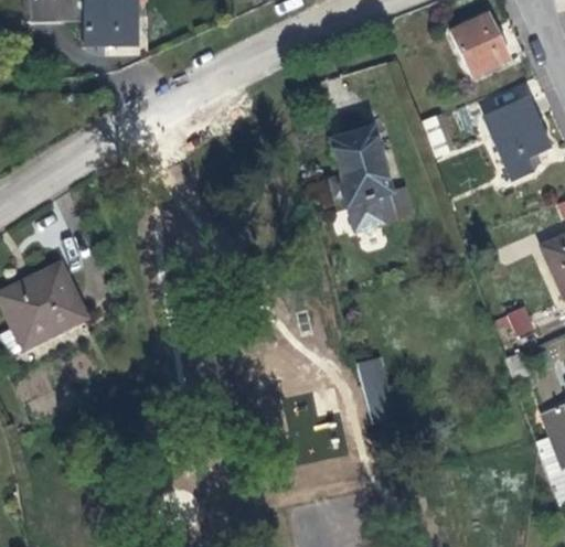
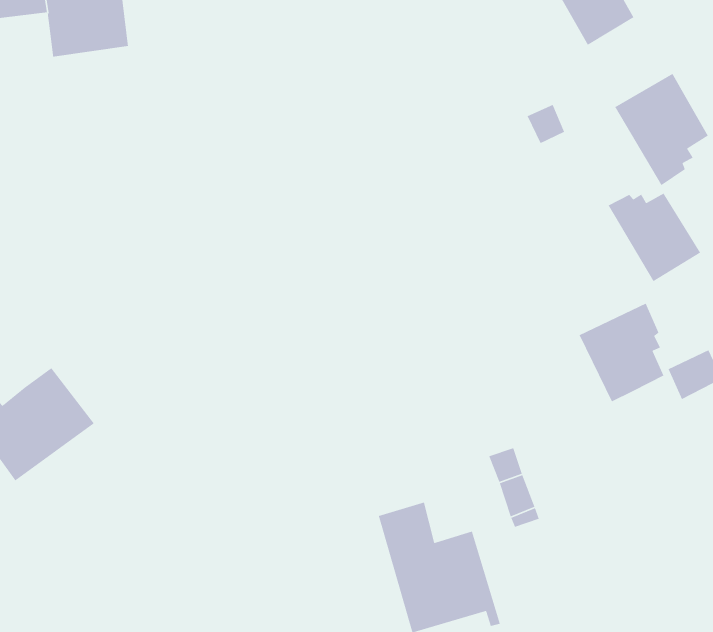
building: [332,129,409,227] -> none
building: none -> [608,193,701,282]
building: none -> [579,302,664,403]

